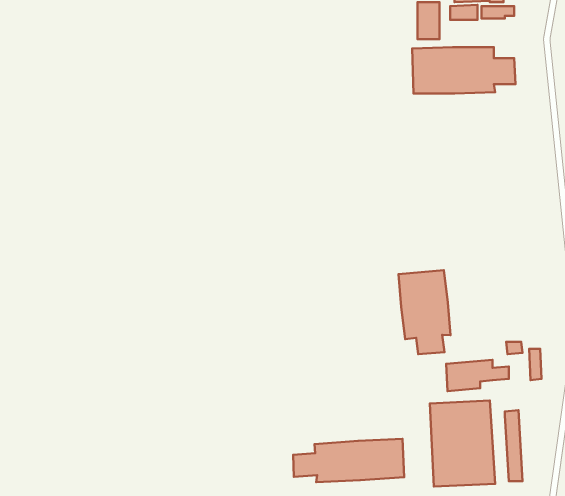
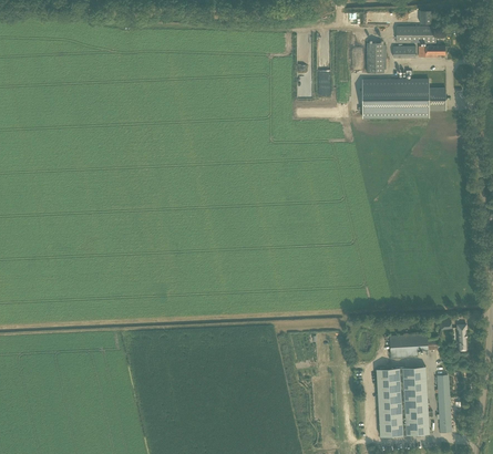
building: [398,270,451,354] -> none
building: [293,439,404,482] -> none

